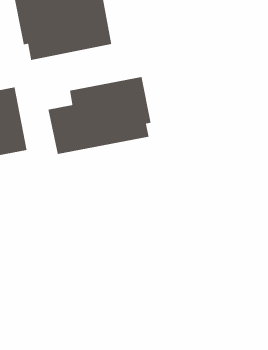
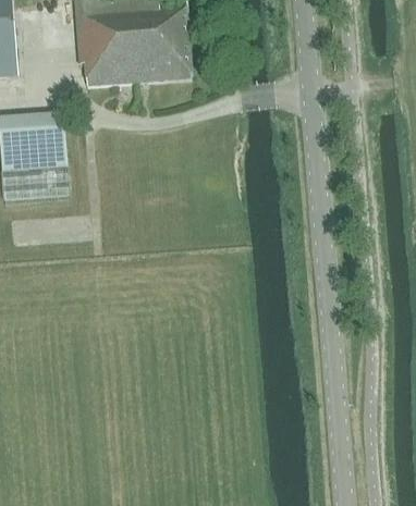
building: [47,76,151,155] -> none

